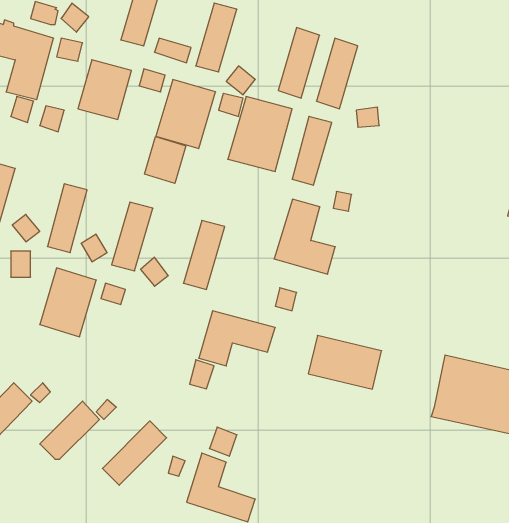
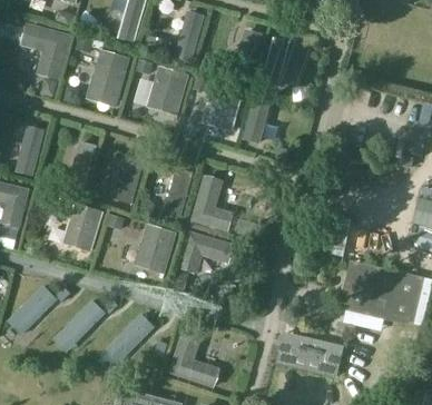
building: [144,137,186,183] -> none
building: [274,199,335,274] -> [189,177,234,231]
building: none -> [132,224,177,275]
building: [308,335,382,389] -> [283,335,336,374]

